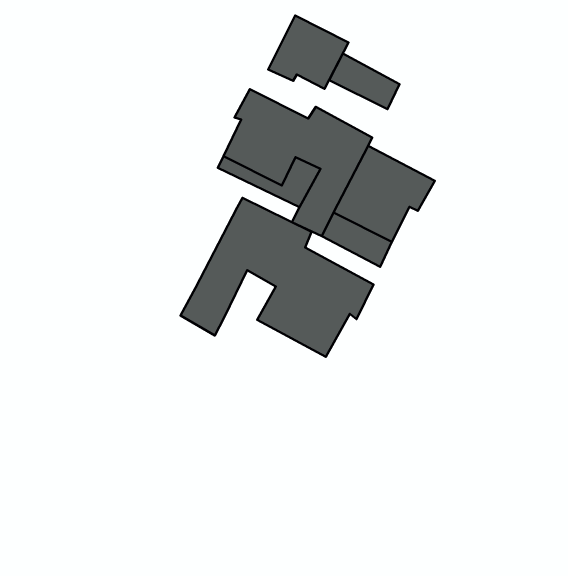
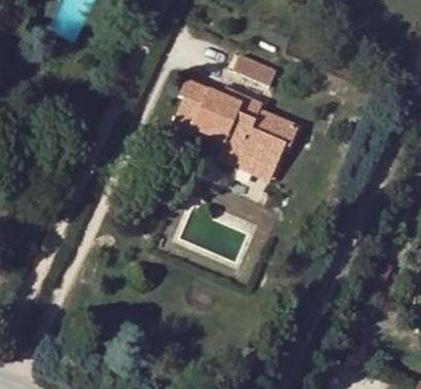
building: [268,16,349,89] -> none
building: [181,198,374,357] -> none

